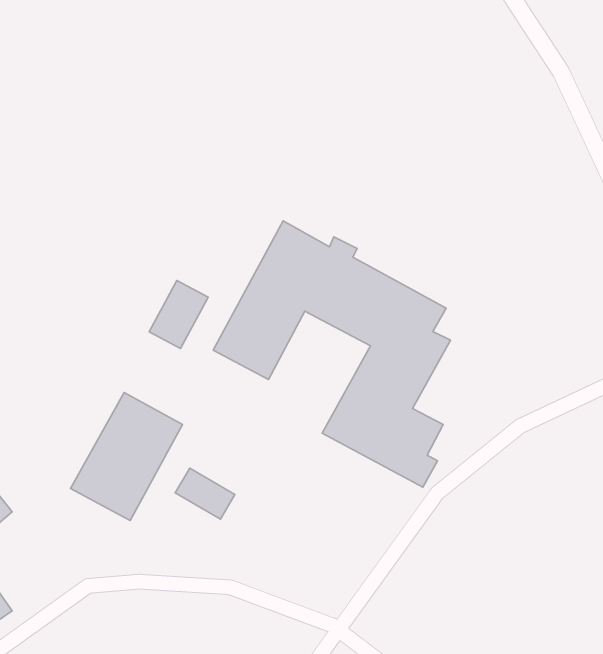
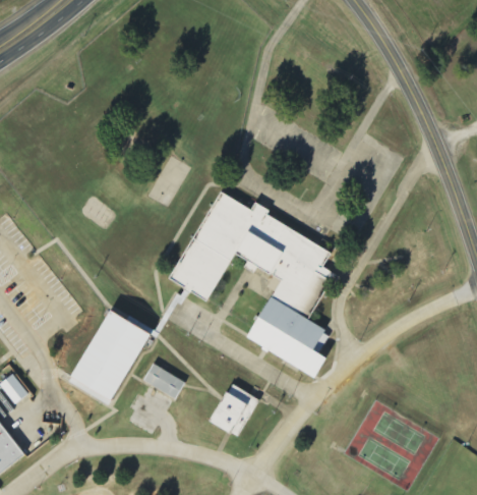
building: [149,280,208,349] -> none
building: none -> [208,382,259,437]

